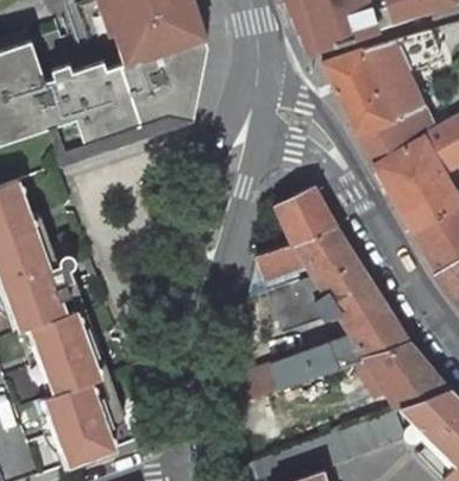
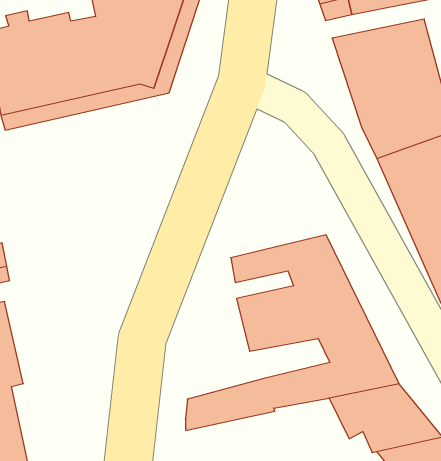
building: [276,187,337,240] -> none

